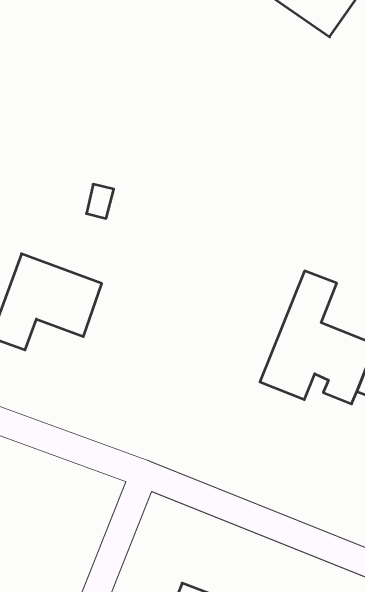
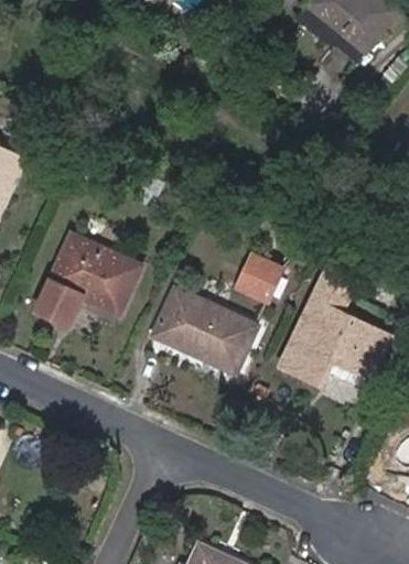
building: none -> [235,253,281,302]
building: none -> [152,288,257,375]

